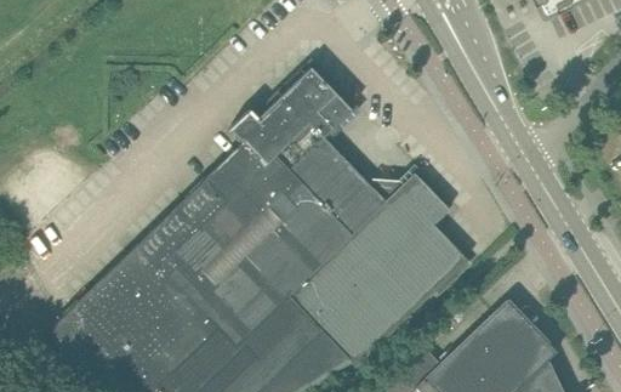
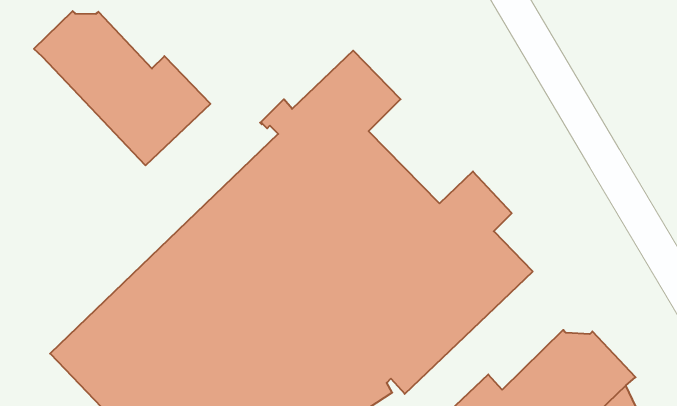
building: none -> [34,11,210,165]

